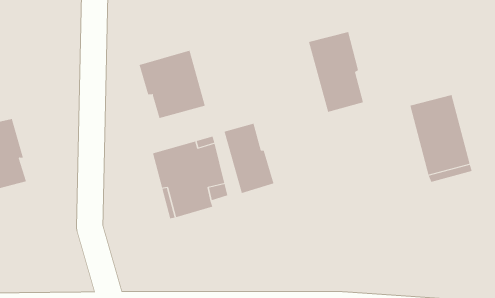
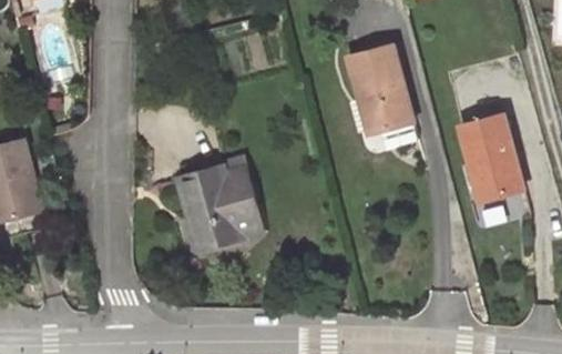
building: [139,50,205,119] -> none
building: [224,123,274,194] -> none

